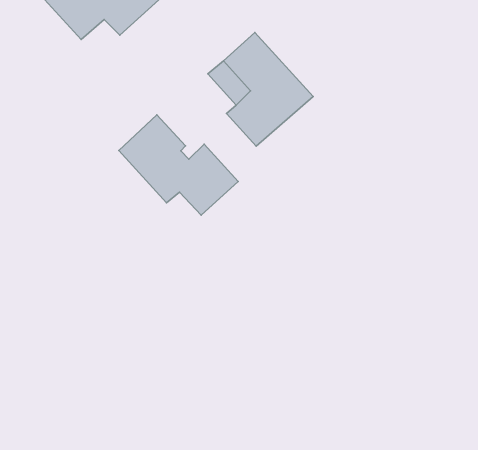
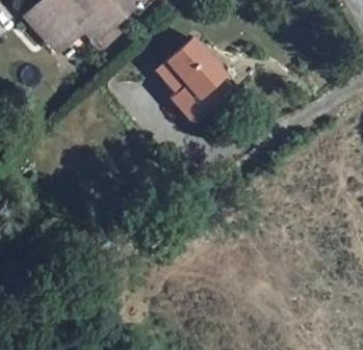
building: [119,115,238,215] -> none

